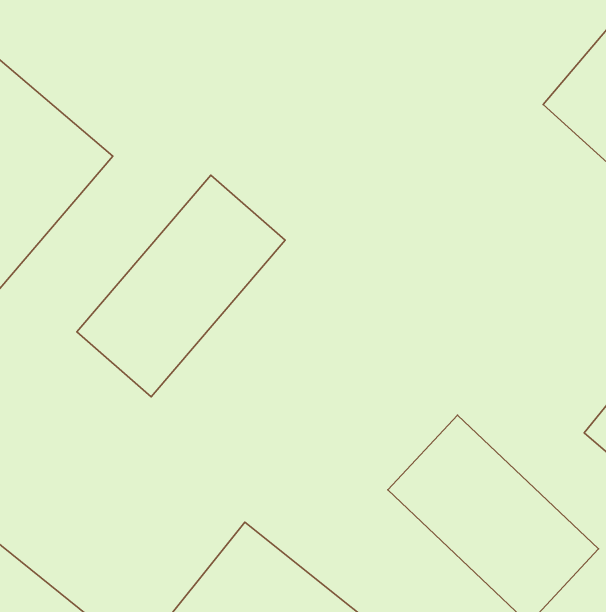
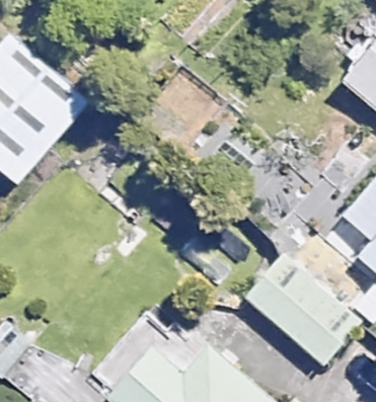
building: [77,175,285,397] -> none

